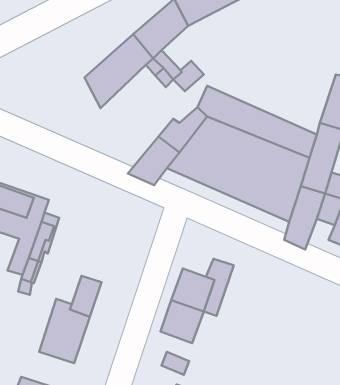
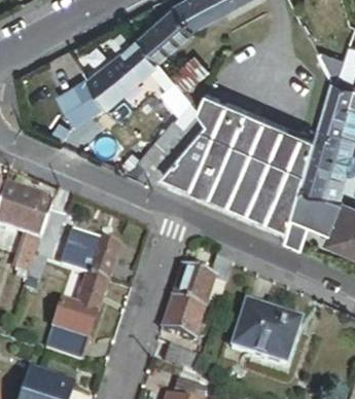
building: none -> [60,86,102,130]
building: none -> [57,235,114,286]
building: none -> [233,301,299,364]

